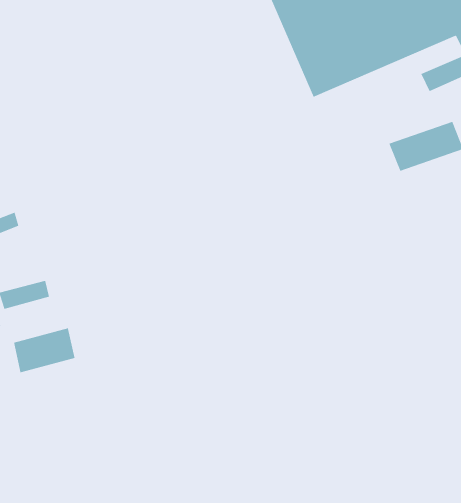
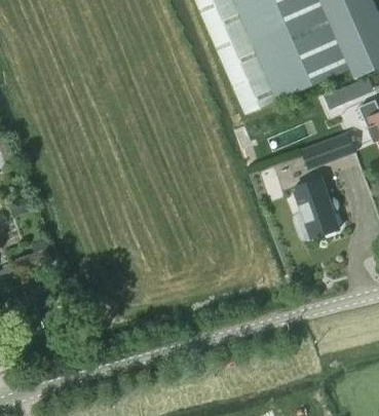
building: none -> [295,176,340,238]
building: [13,328,75,373] -> none

